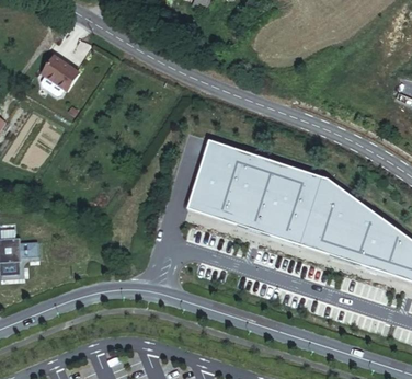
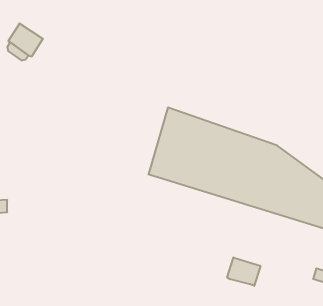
building: none -> [227,257,260,286]

